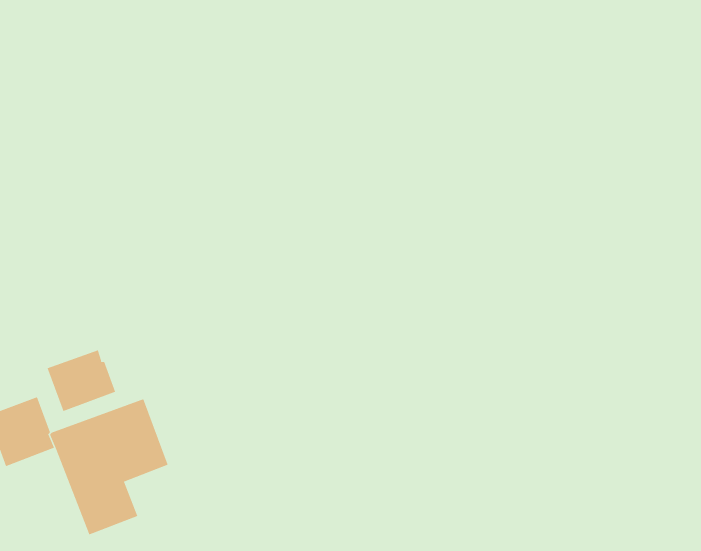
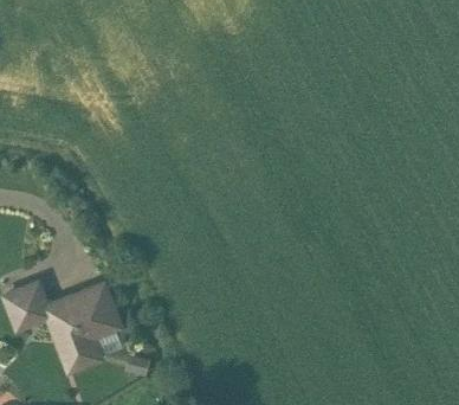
building: [47,349,116,412] -> none

